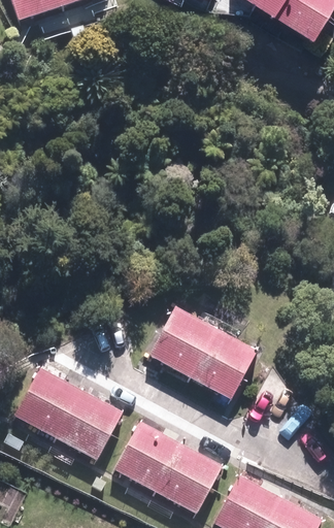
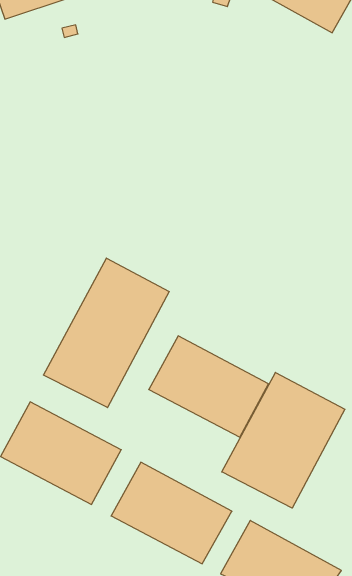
building: none -> [43,258,169,408]
building: none -> [222,372,345,508]

